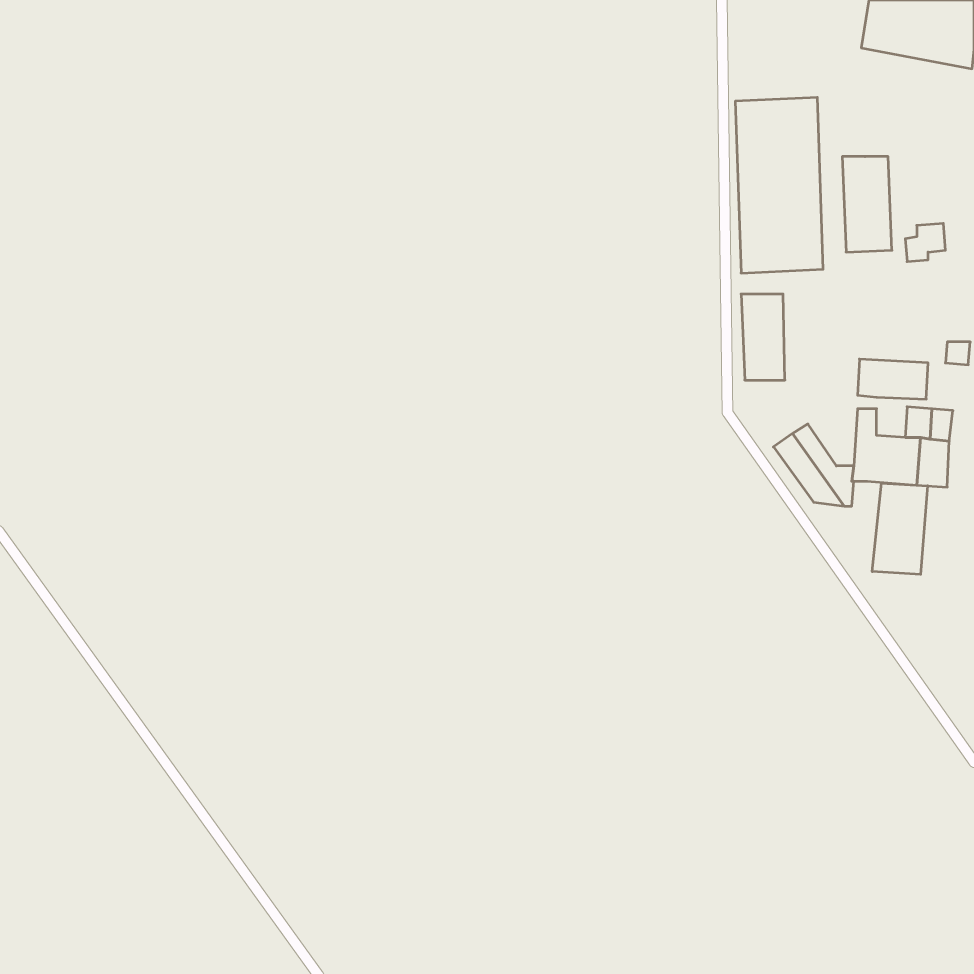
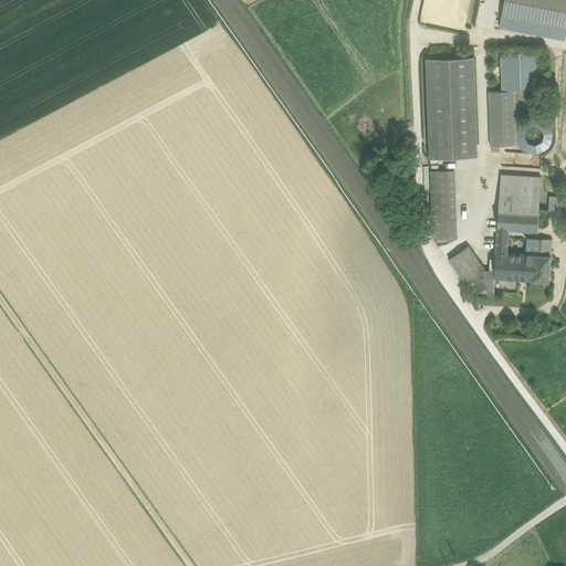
building: none -> [500,54,538,92]
building: none -> [497,176,539,211]
building: none -> [431,221,455,243]
building: [872,483,928,574] -> none

